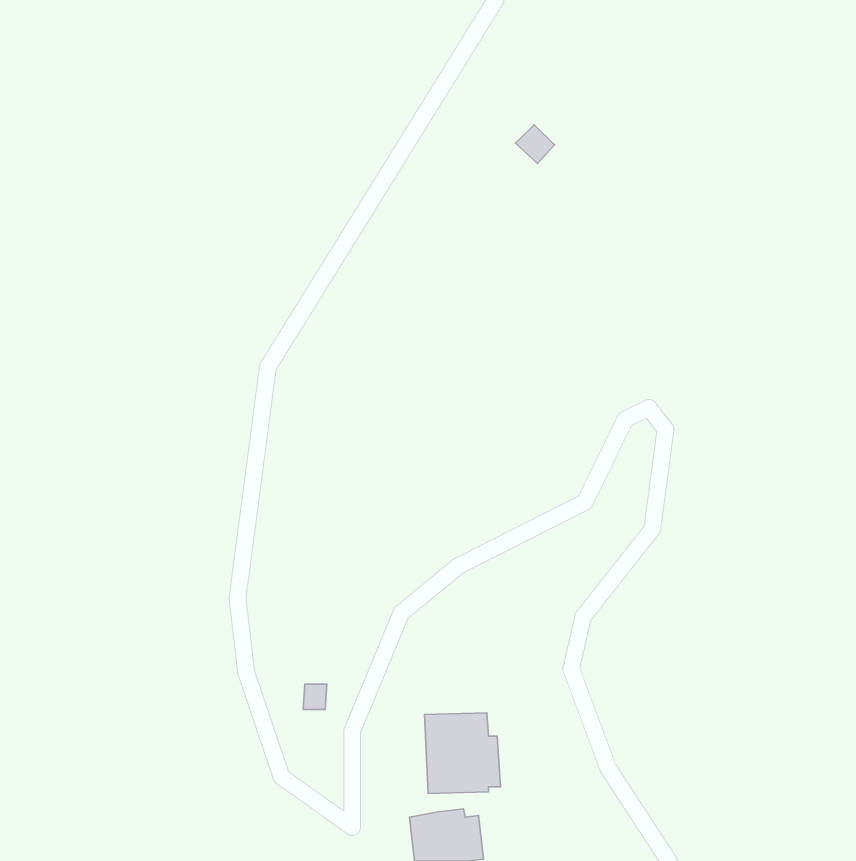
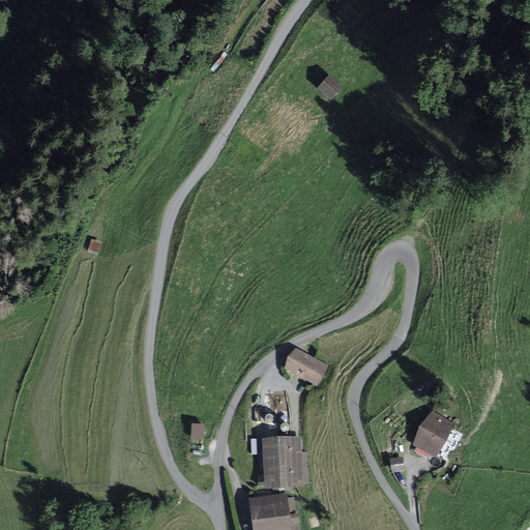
building: none -> [285,350,323,383]
building: none -> [412,414,449,454]

